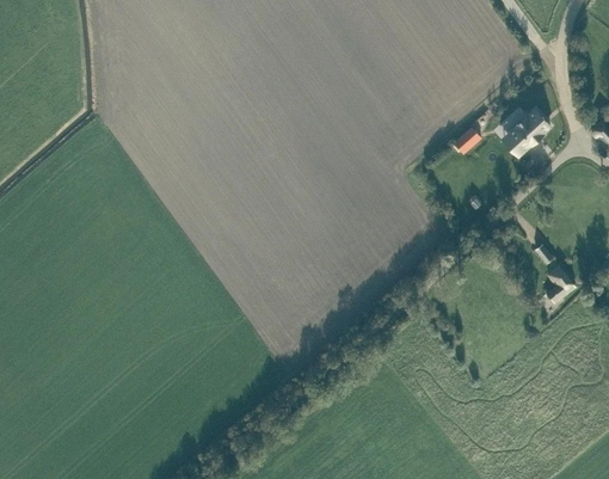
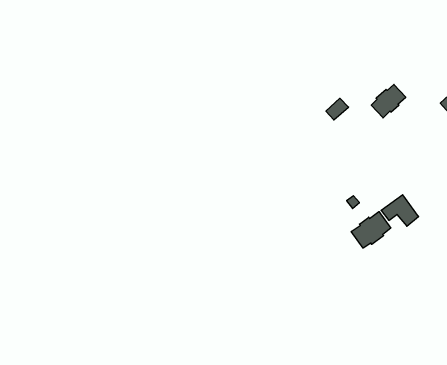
building: none -> [351,212,391,248]

